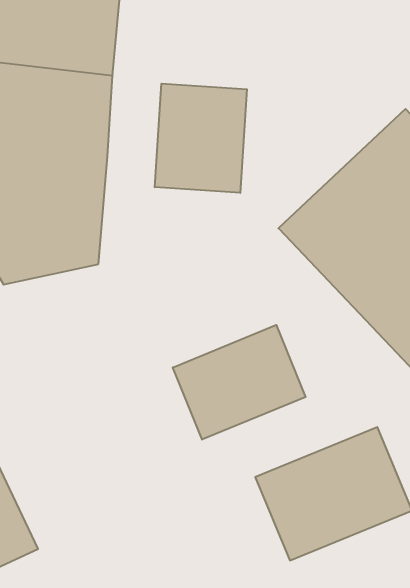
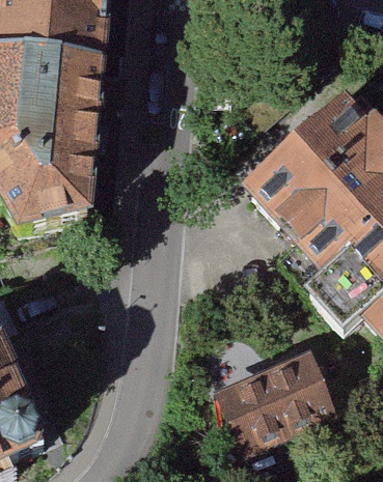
building: [155,84,247,193] -> none
building: [173,325,306,440] -> none

